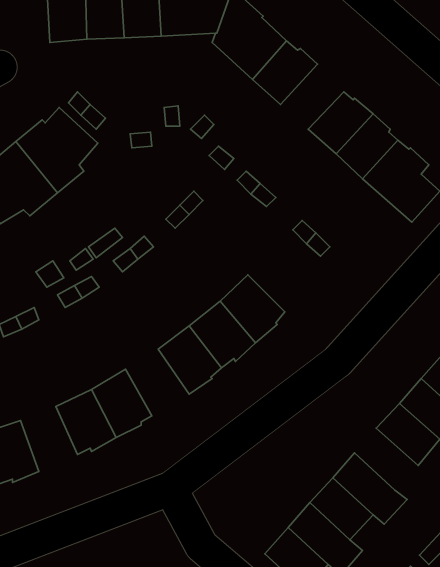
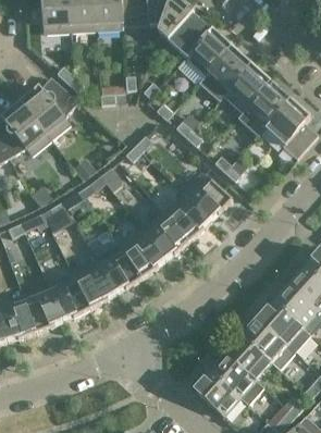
building: none -> [206,47,250,92]
building: none -> [183,174,232,221]
building: none -> [97,247,141,294]
building: none -> [23,287,63,333]
building: none -> [258,302,303,346]

